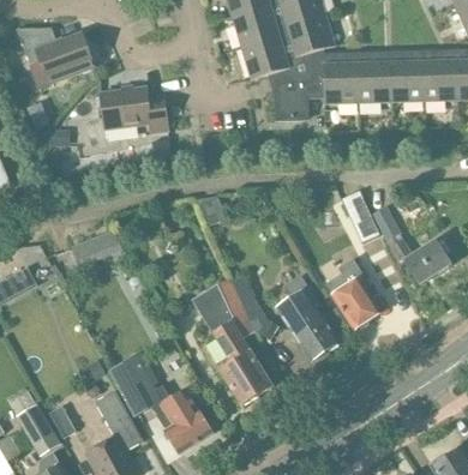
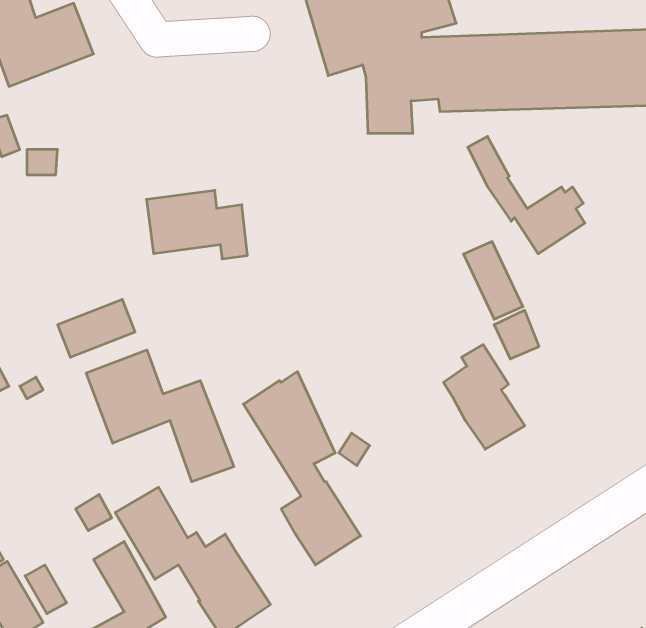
building: [100,88,167,133] -> [146,190,247,259]
building: [372,206,450,284] -> [468,136,585,254]
building: none -> [86,350,234,482]
building: [277,276,338,361] -> none

